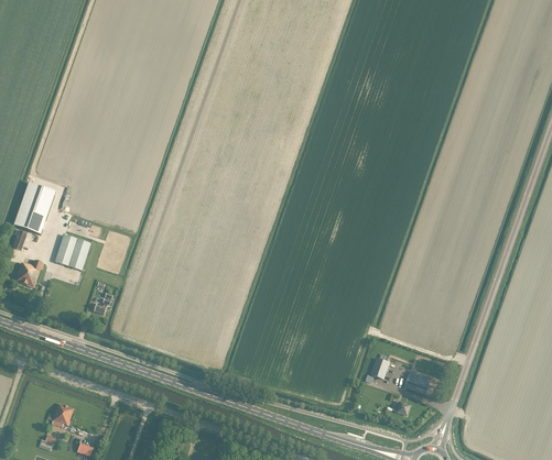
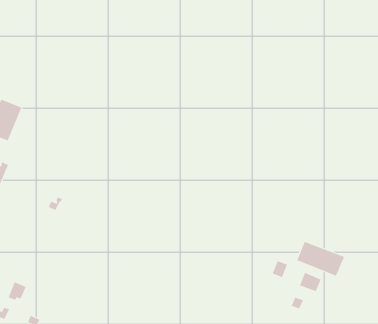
building: [54,234,89,270] -> none
building: none -> [296,241,345,277]

